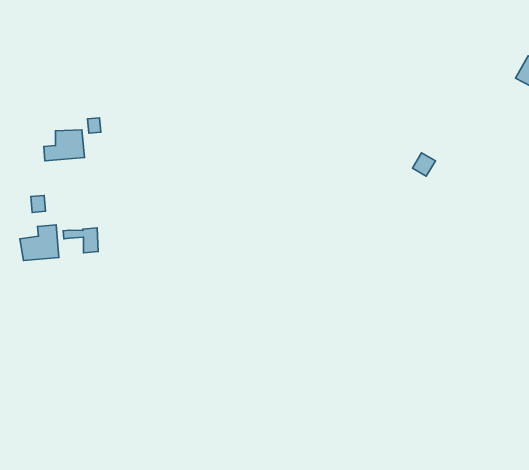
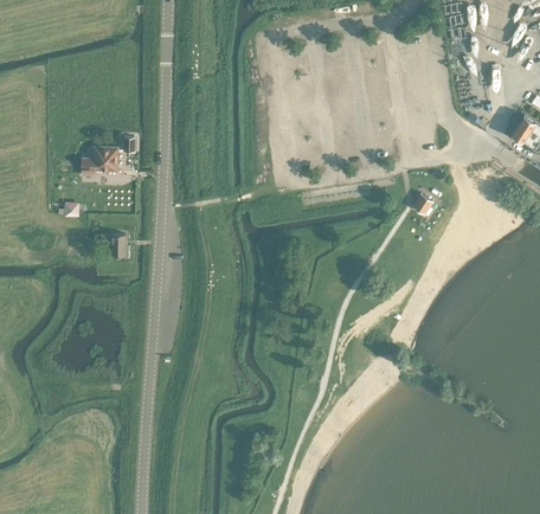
building: [20,225,59,261] -> none

